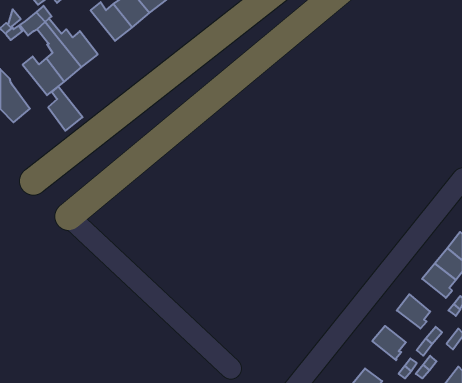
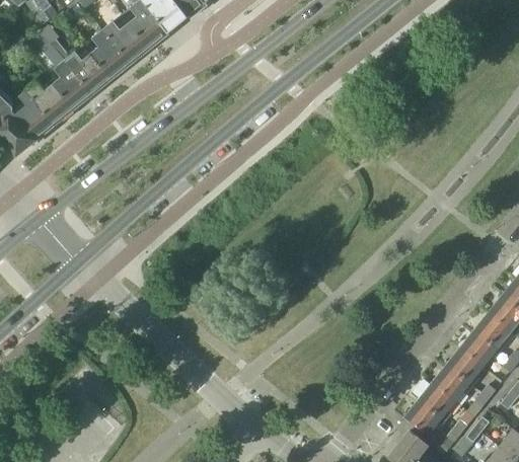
building: none -> [90,29,130,79]
building: [48,86,83,131] -> [15,90,54,140]
building: none -> [459,330,500,367]
building: none -> [432,366,471,401]
building: none -> [403,400,444,436]

